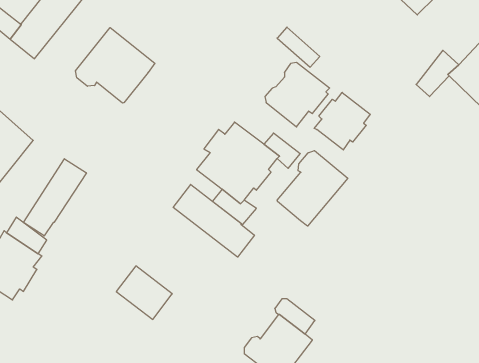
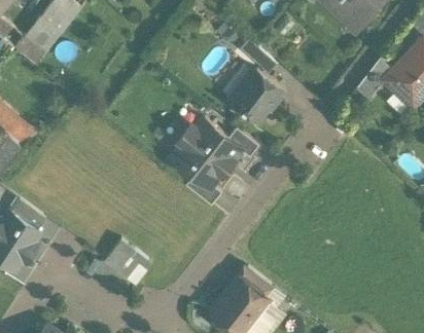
building: [76,28,155,103] -> none
building: [314,92,370,150] -> none
building: [277,151,348,226] -> none
building: [23,159,86,236] -> none
building: [173,184,254,257] -> none

